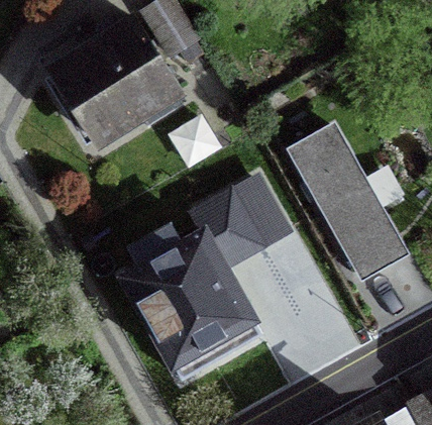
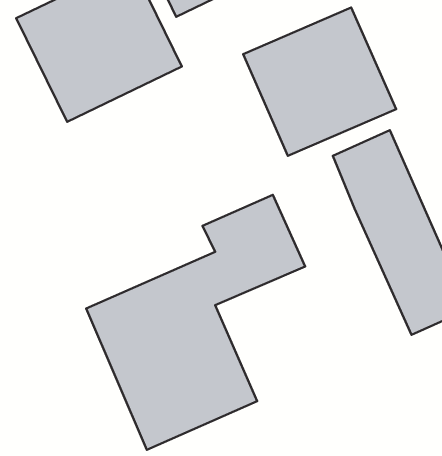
building: none -> [243,7,396,156]

